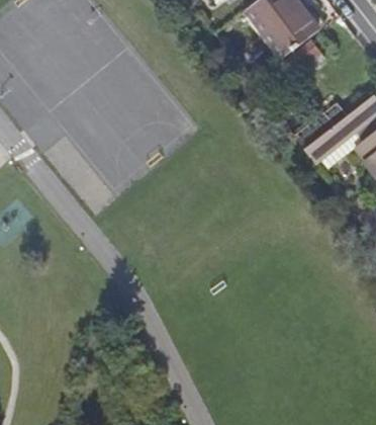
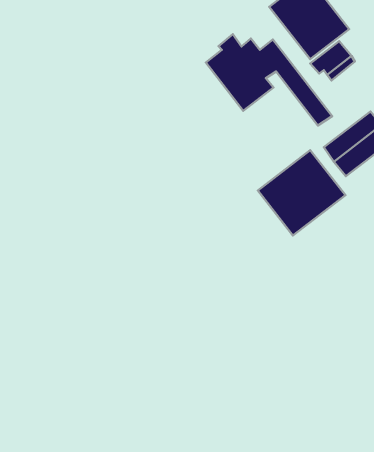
building: none -> [206,34,332,126]
building: none -> [258,150,345,235]

